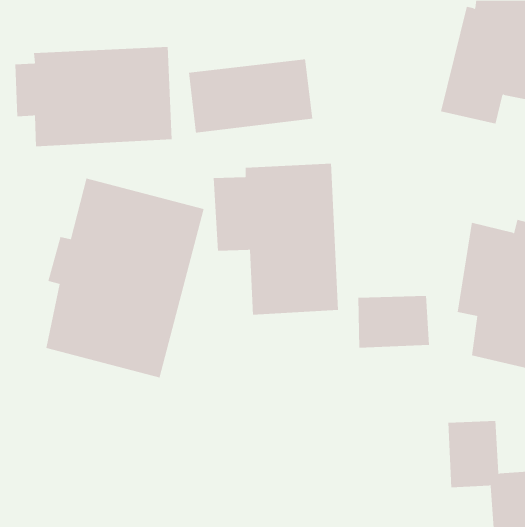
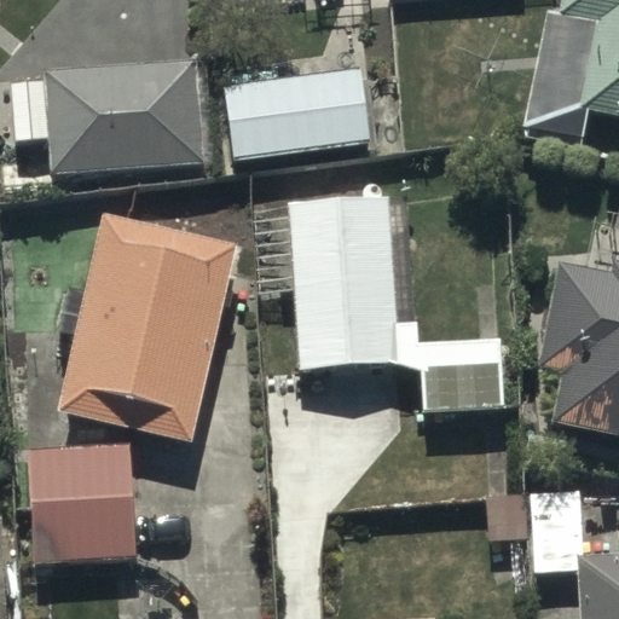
building: none -> [27,439,138,566]

